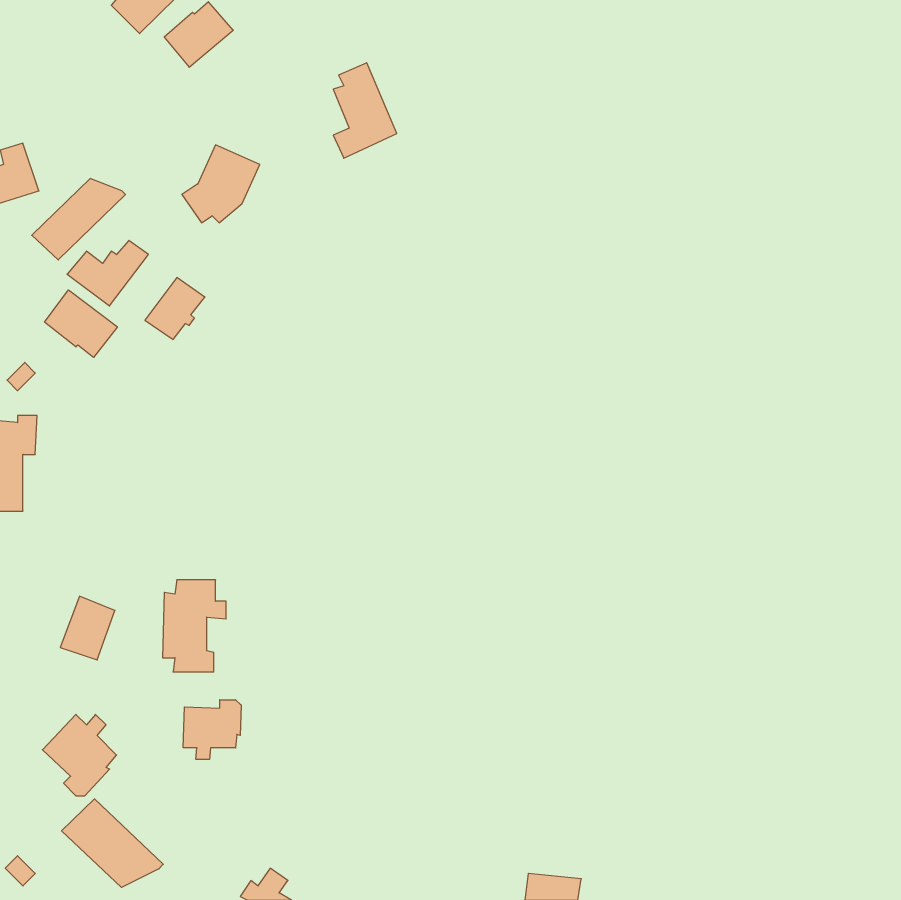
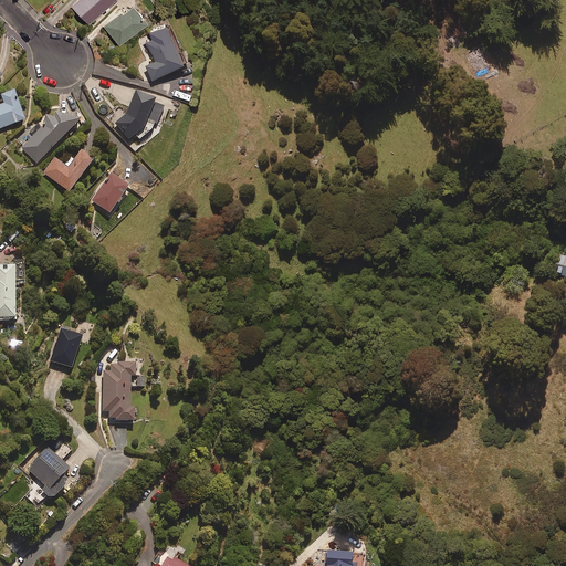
building: [333,63,397,158] -> [145,21,185,81]
building: [45,290,117,357] -> none
building: [60,596,115,660] -> [49,327,83,367]
building: [183,700,241,759] -> none
building: [62,799,163,887] -> none

